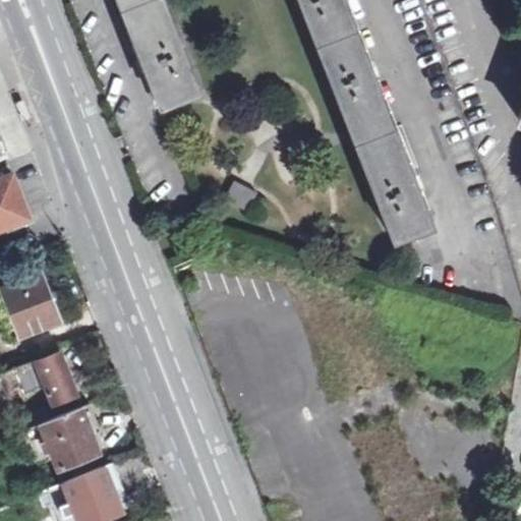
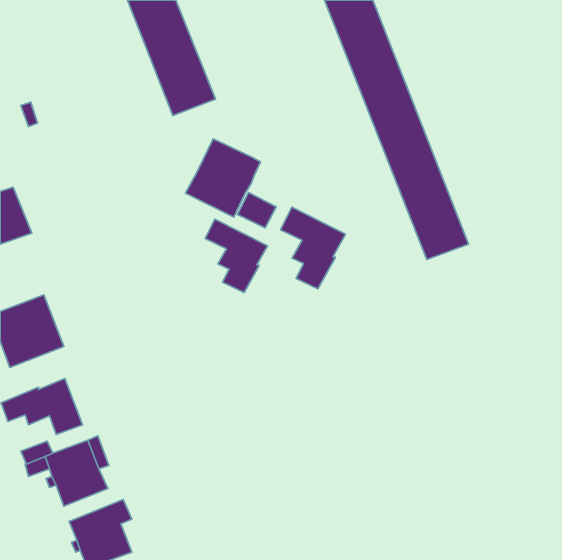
building: none -> [186,139,260,217]
building: none -> [280,207,345,289]
building: none -> [205,219,268,292]

